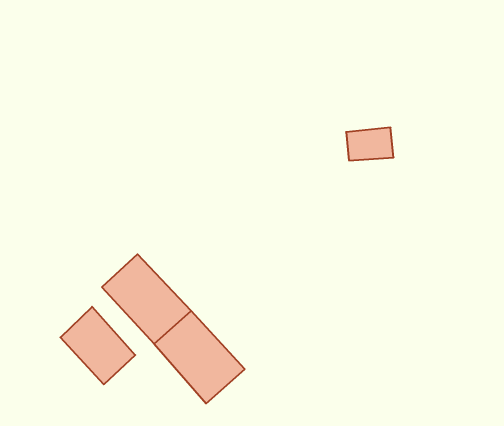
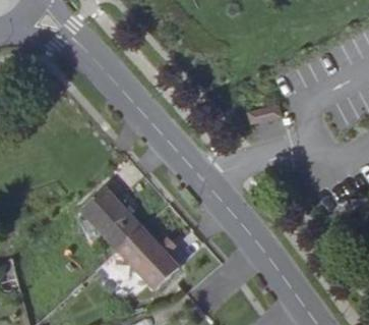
building: [60,307,135,384] -> none

